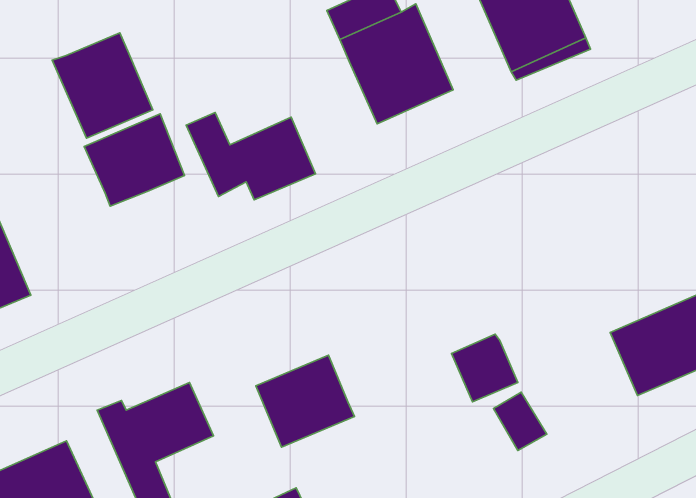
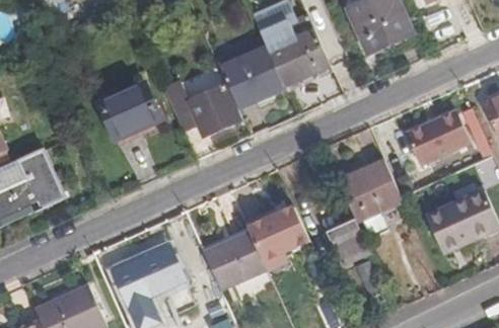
building: [52,33,153,138] -> none
building: none -> [222,48,282,105]
building: none -> [406,110,473,165]
building: none -> [340,162,404,222]
building: none -> [248,208,309,260]

